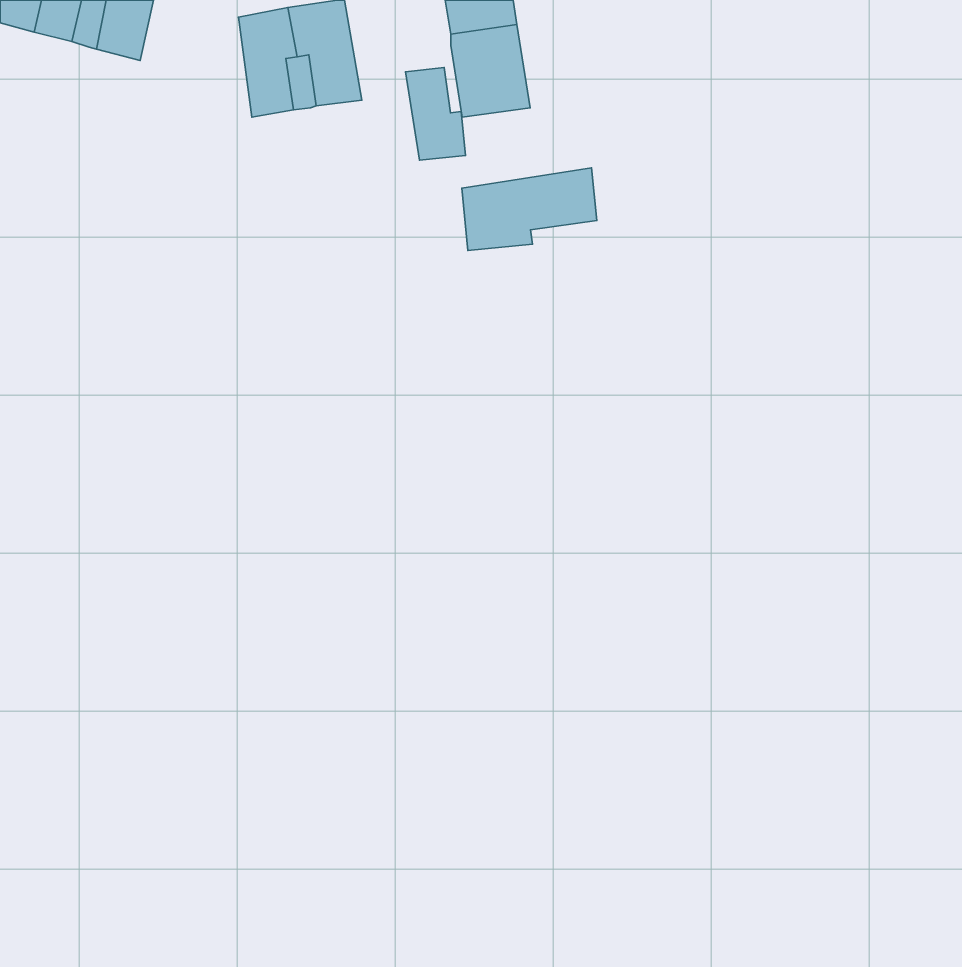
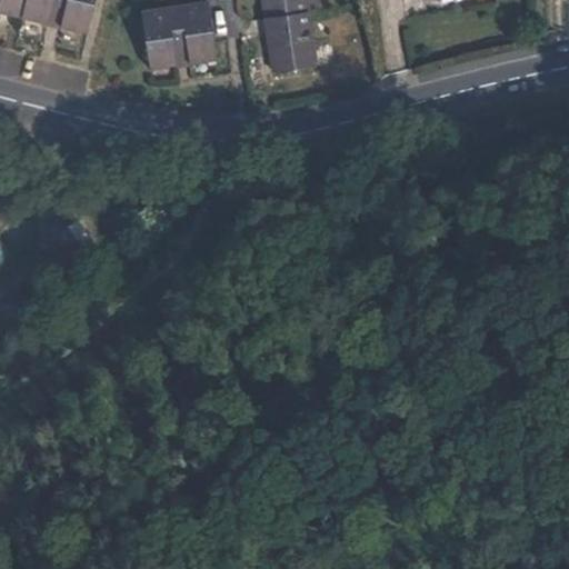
building: [405,68,465,160] -> none
building: [462,168,597,251] -> none

